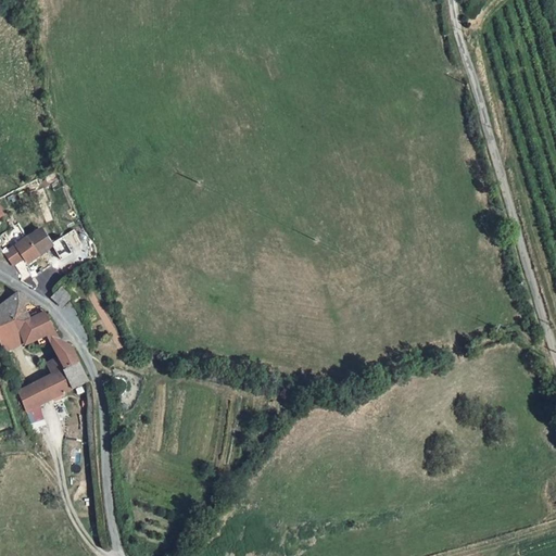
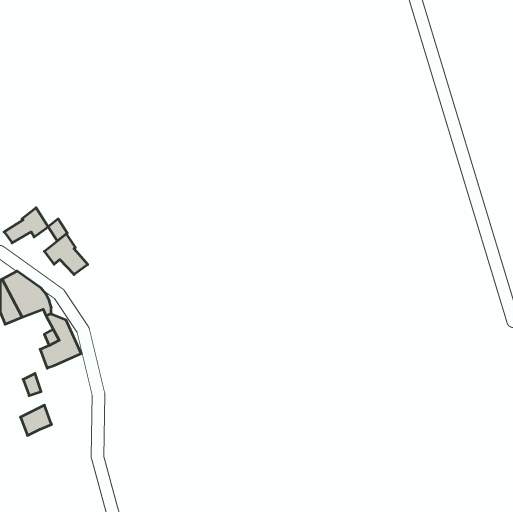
building: none -> [44,234,88,275]
building: [17,378,51,410] -> [20,405,52,435]

